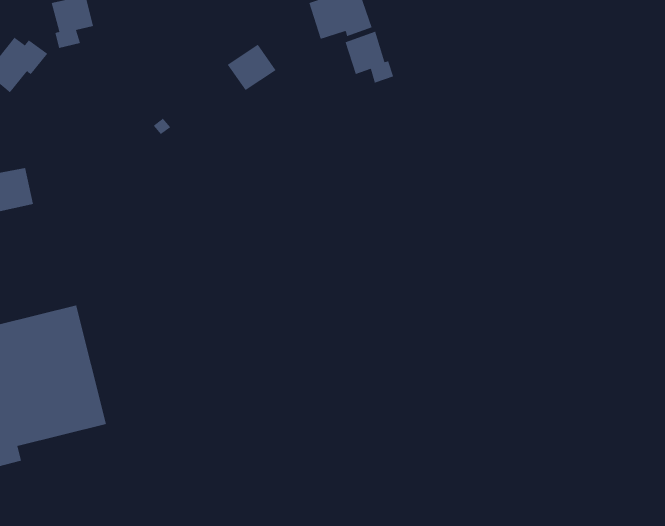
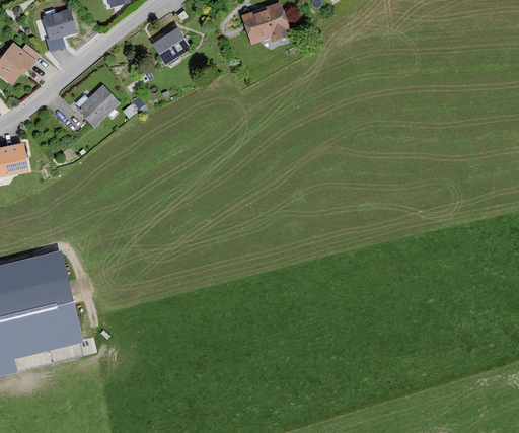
building: [345,31,394,84] -> none
building: [227,44,276,91] -> [151,27,190,64]
building: none -> [78,85,118,124]

